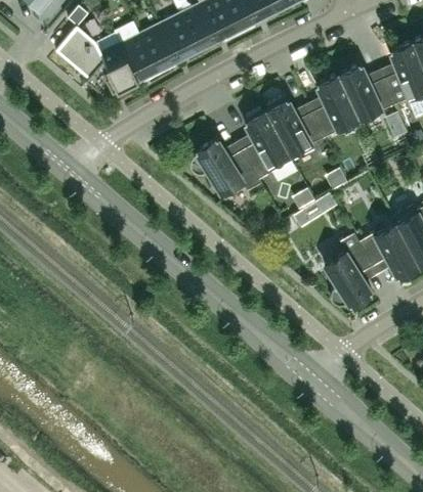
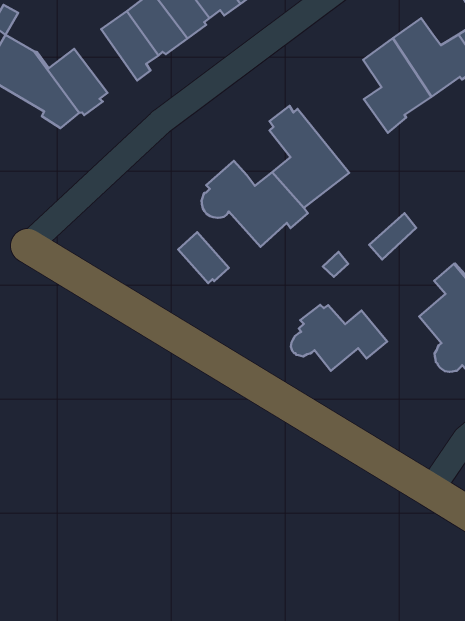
building: [122,34,161,79] -> none
building: [266,96,325,160] -> none
building: none -> [178,232,229,283]
building: none -> [291,305,387,371]

